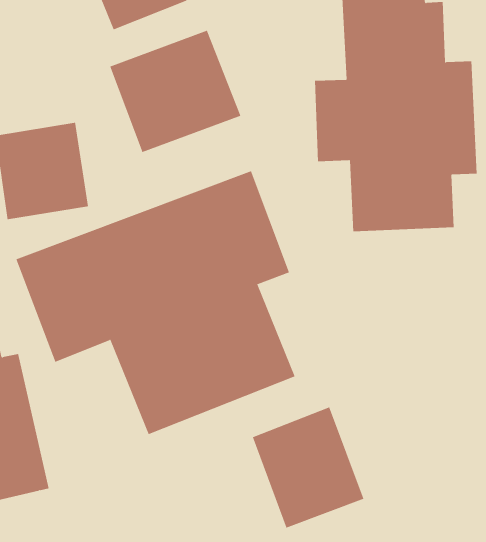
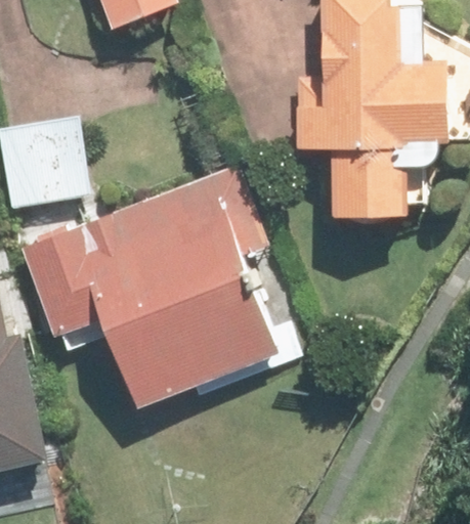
building: [109,30,241,153] -> none
building: [252,406,364,529] -> none

